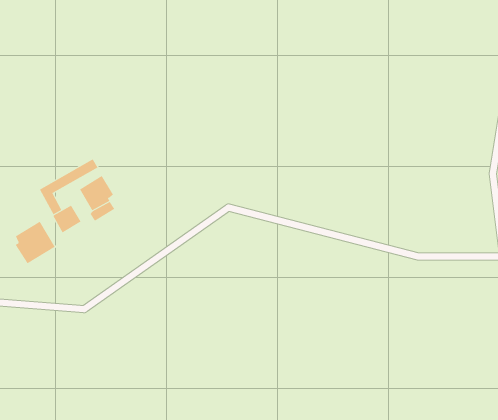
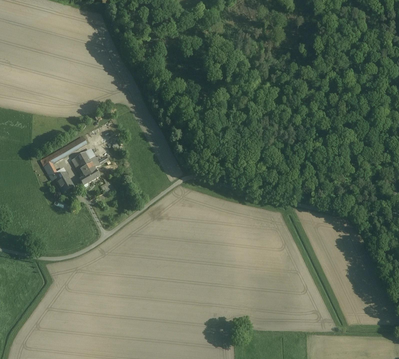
building: [15,221,55,264] -> none

